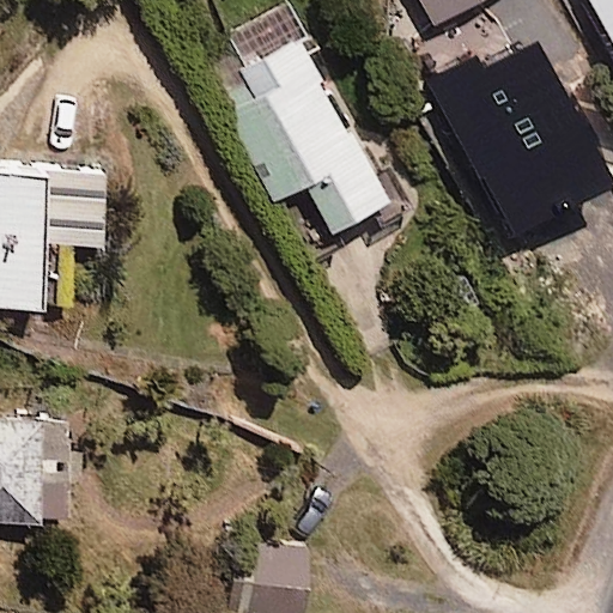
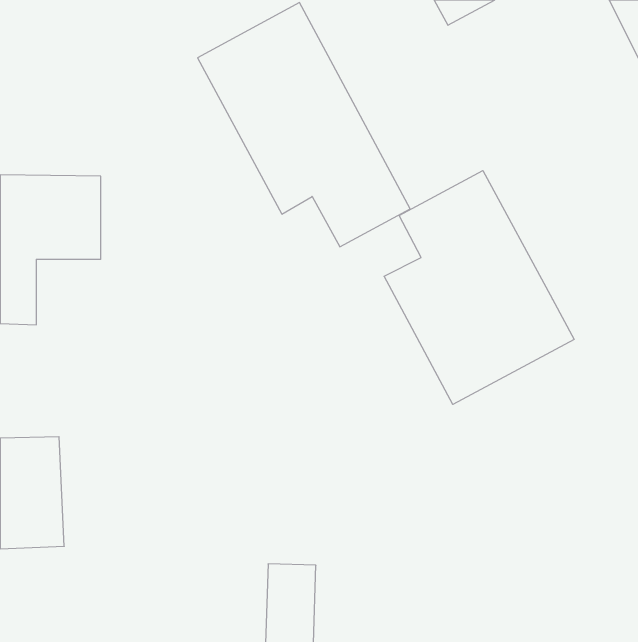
building: [433,50,587,235] -> none
building: none -> [384,171,574,404]

